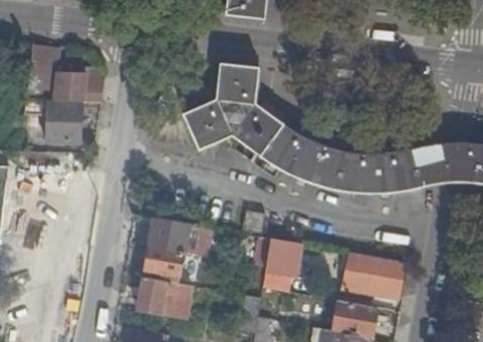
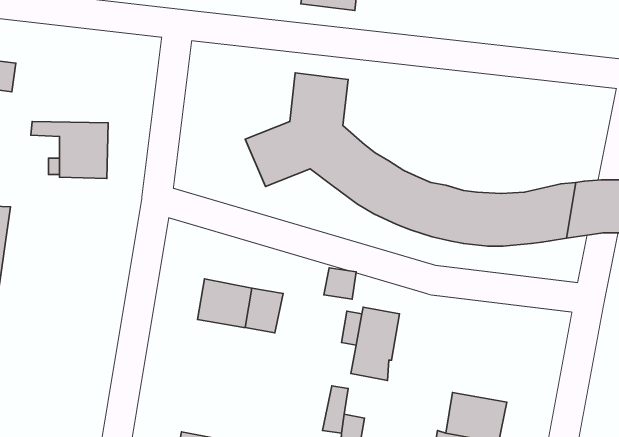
building: [26,45,105,102] -> none
building: [146,247,183,275] -> none
building: [343,252,403,298] -> none
building: [138,277,192,320] -> none

